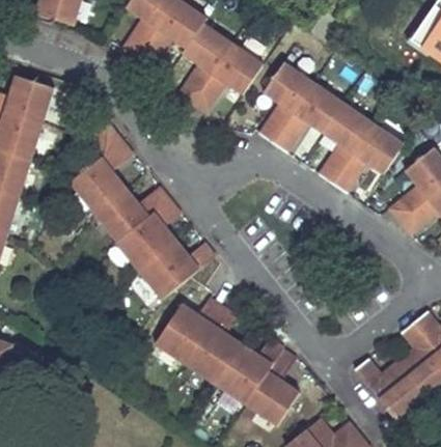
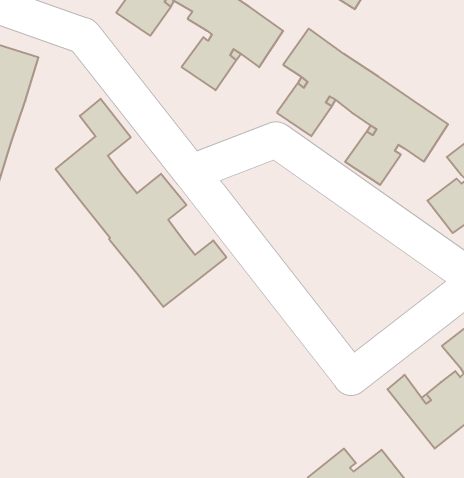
building: [154,296,299,425] -> none

